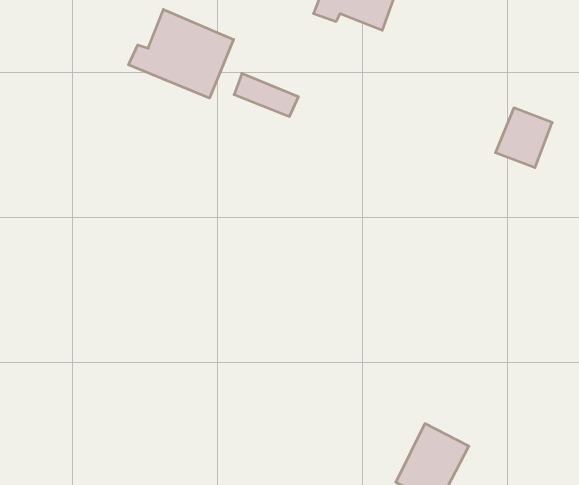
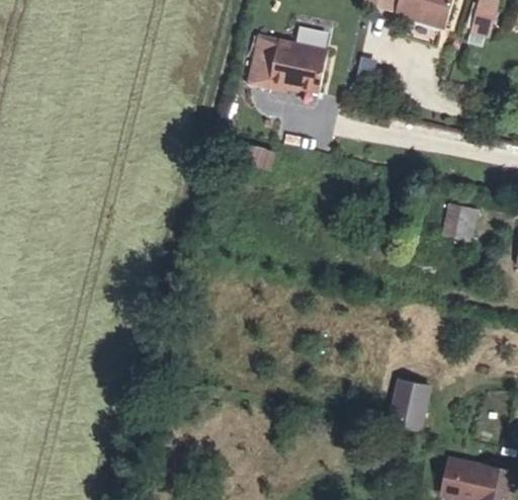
building: [129,9,234,98] -> none
building: [495,108,552,168] -> [440,199,478,240]

